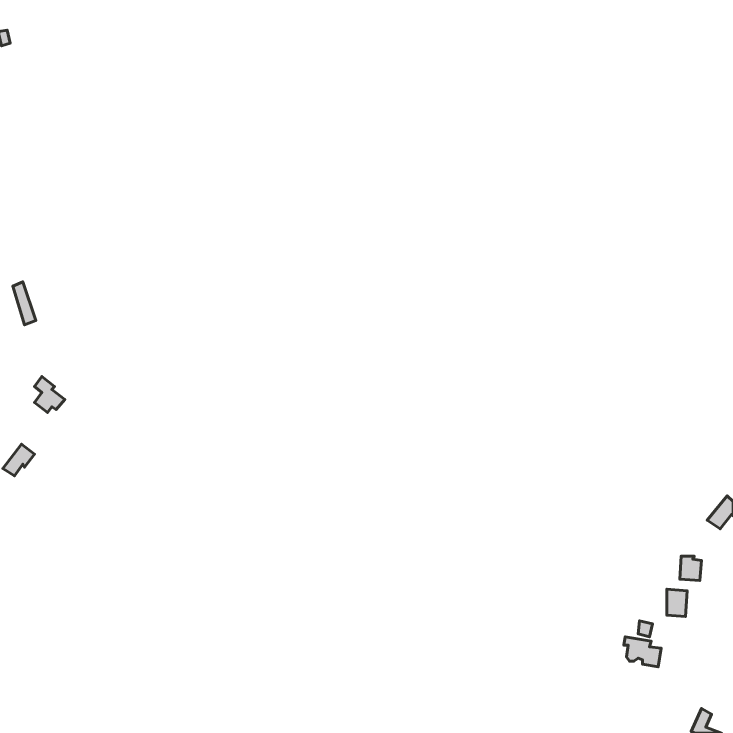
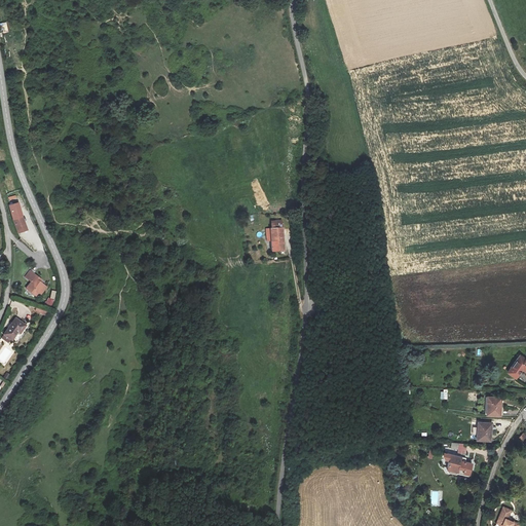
building: none -> [265,219,285,253]

